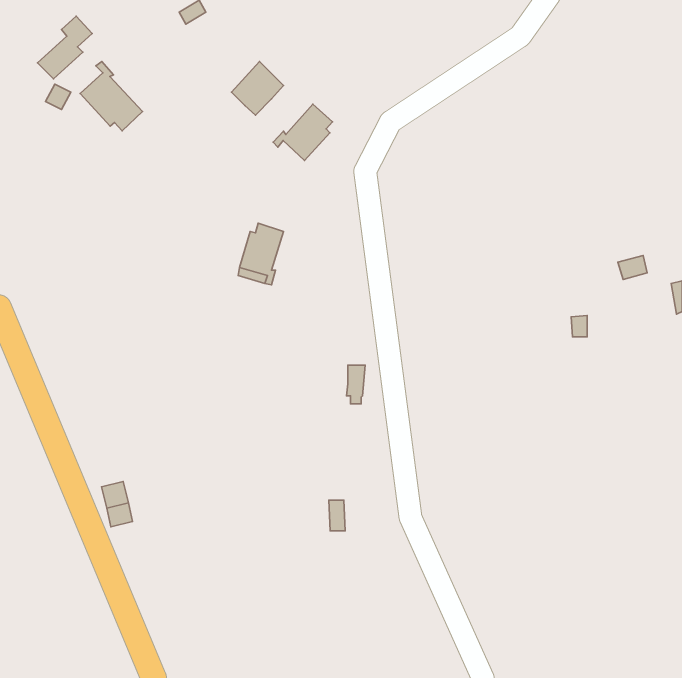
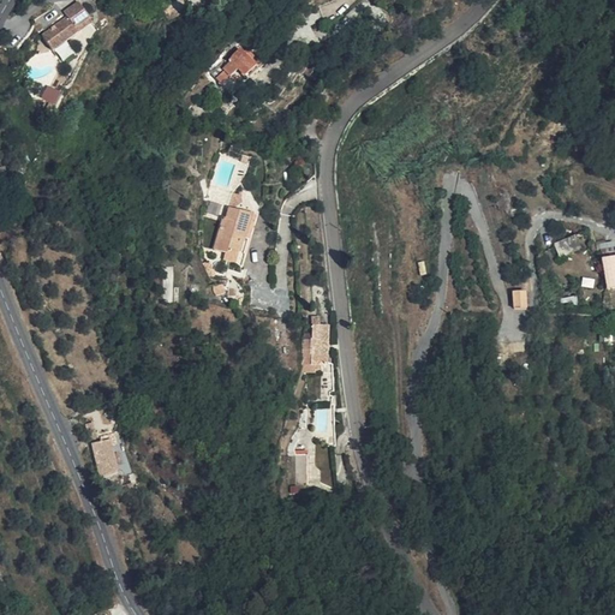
building: [80,61,143,131] -> none
building: [273,104,333,161] -> none

